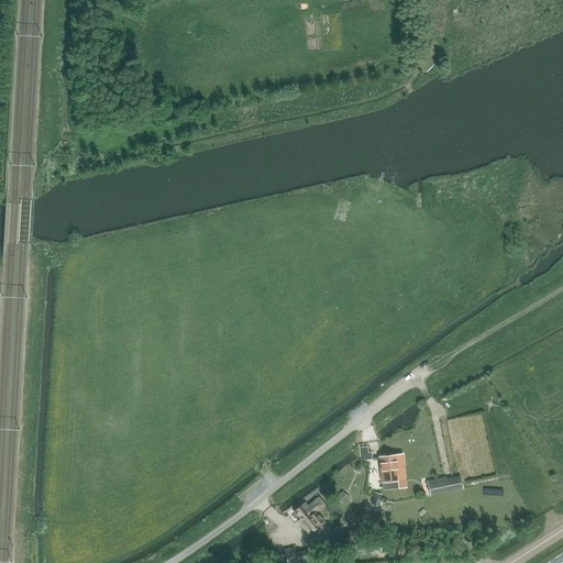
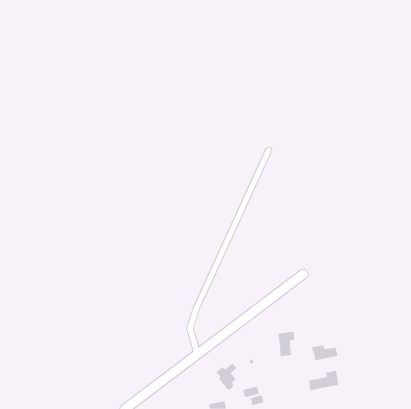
building: none -> [308,370,339,391]

